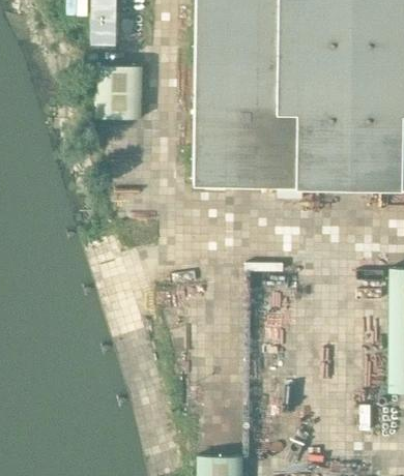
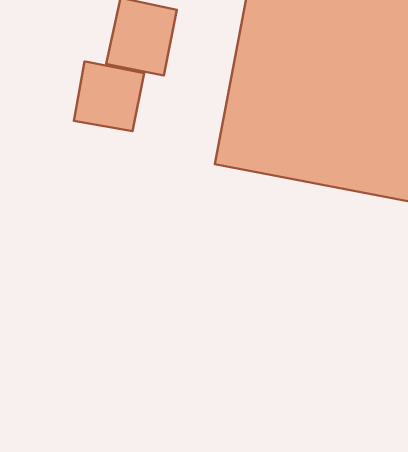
building: none -> [74,61,144,131]

